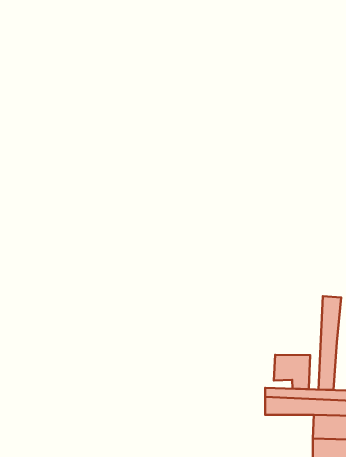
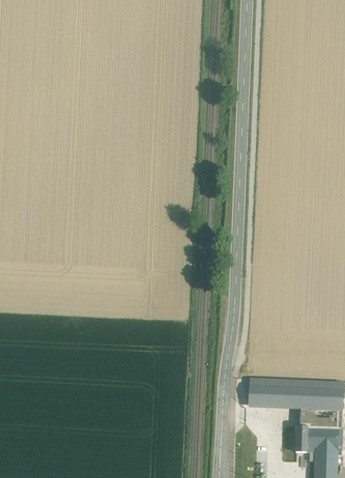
building: [319,296,341,390] -> none
building: [274,355,310,389] -> none

